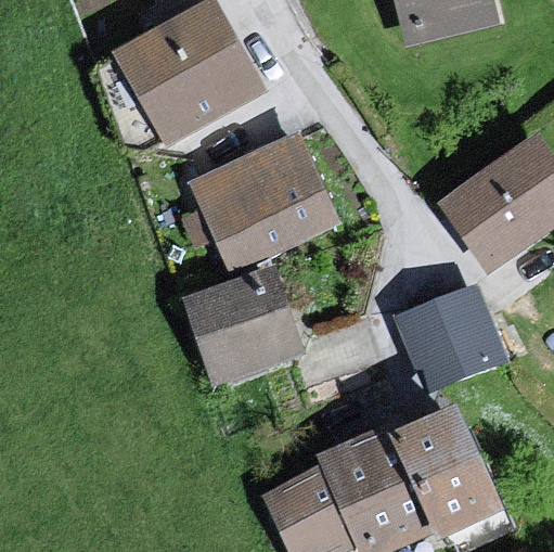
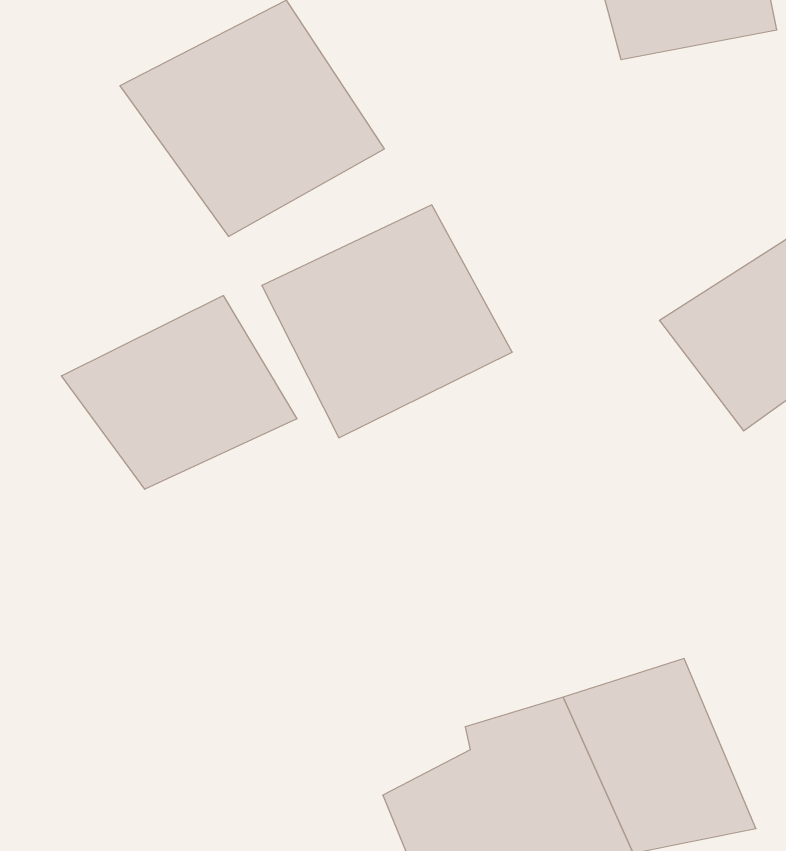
building: none -> [61,296,297,489]
building: [188,268,301,389] -> none
building: [397,287,508,401] -> none

